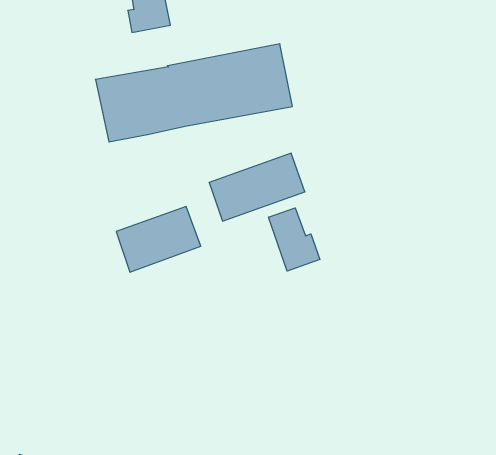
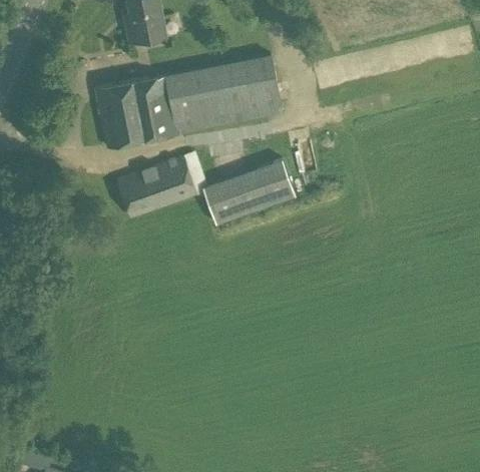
building: [116,207,201,272] -> [115,157,196,220]
building: [269,208,320,271] -> none

